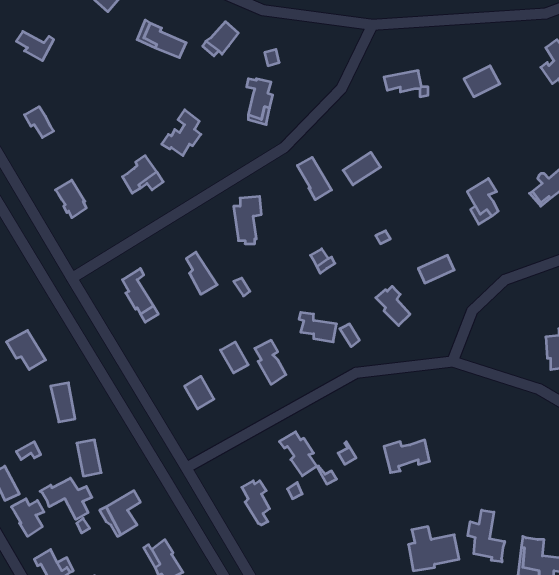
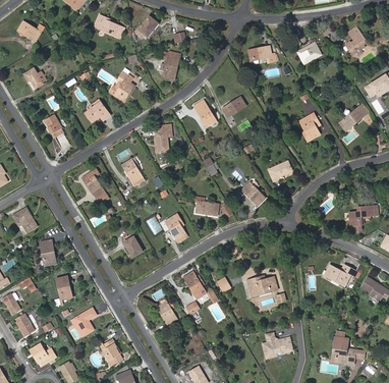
building: none -> [323,264,352,286]
building: [40,478,92,519] -> none
building: [468,510,505,562] -> none

